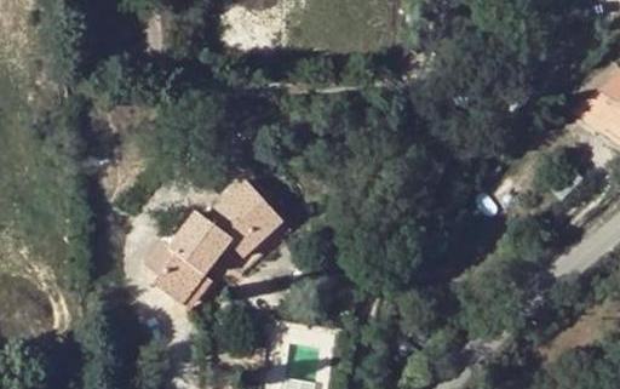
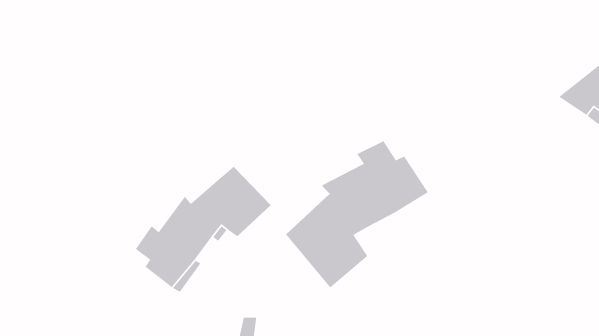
building: none -> [285,140,429,288]

